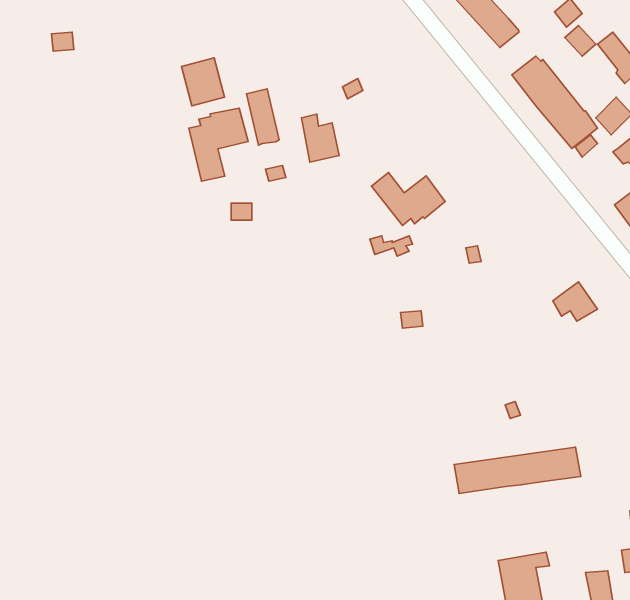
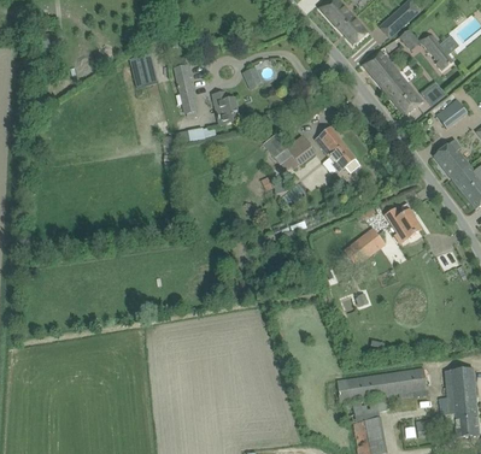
building: [189,108,248,181] -> none
building: none -> [315,126,360,173]
building: none -> [350,229,385,261]
building: [454,447,581,493] -> [338,368,427,401]

